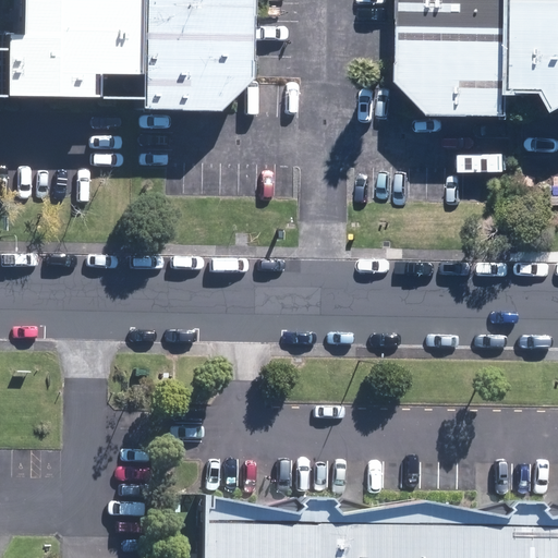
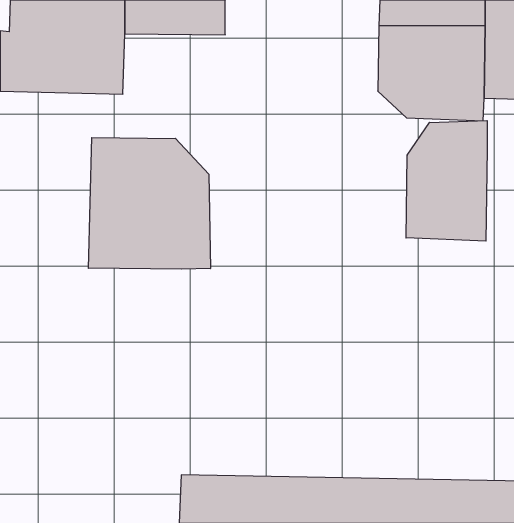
building: [141,36,250,112] -> none
building: none -> [406,121,487,241]
building: none -> [88,138,210,269]

